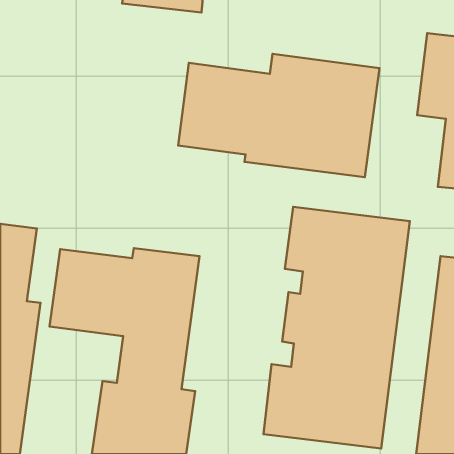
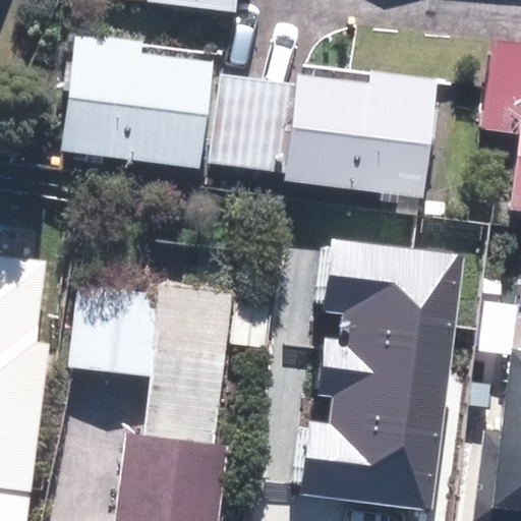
building: none -> [57,32,212,171]

